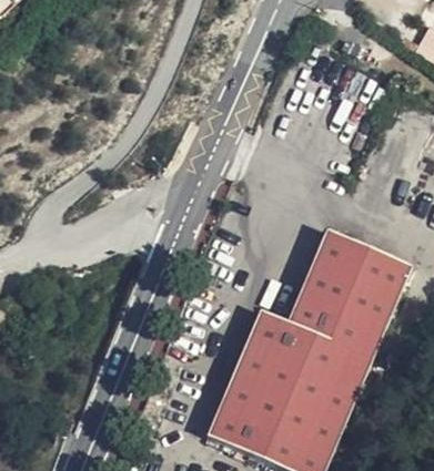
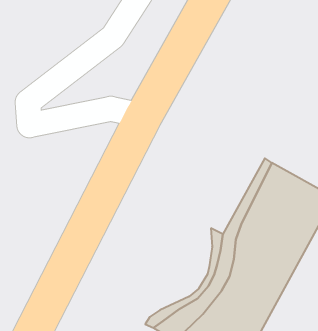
building: [209,316,273,429] -> none

